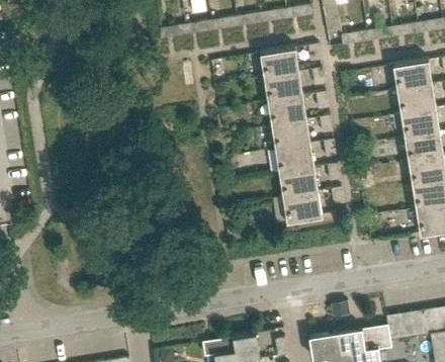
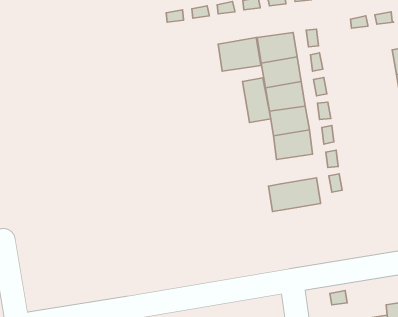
building: none -> [218,37,261,71]
building: none -> [243,78,271,123]
building: [279,170,319,199] -> none

